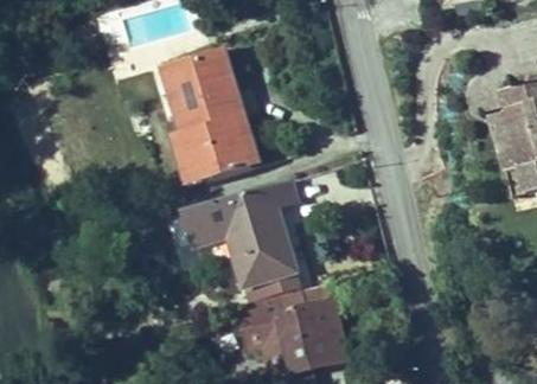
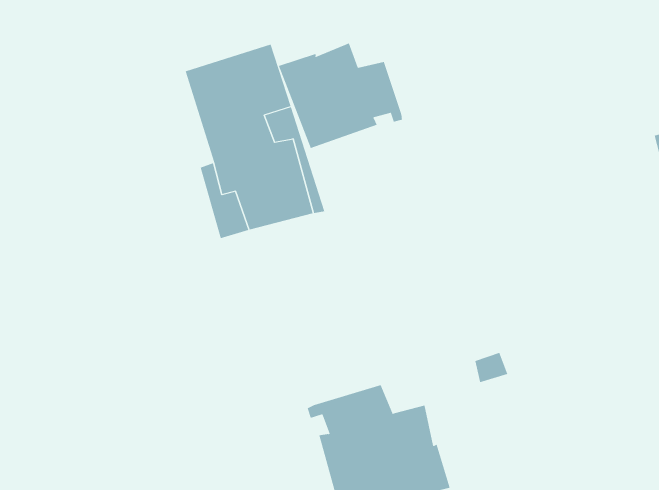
building: none -> [278,42,402,149]
building: [185,178,299,300] -> none

